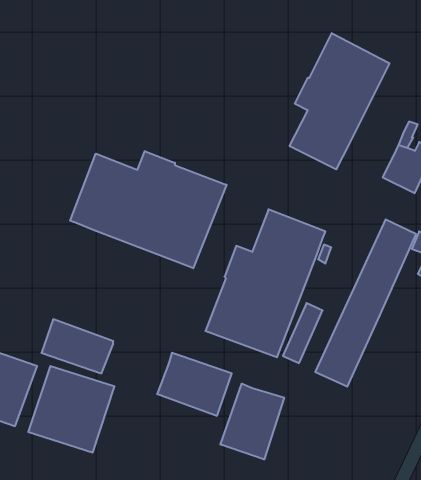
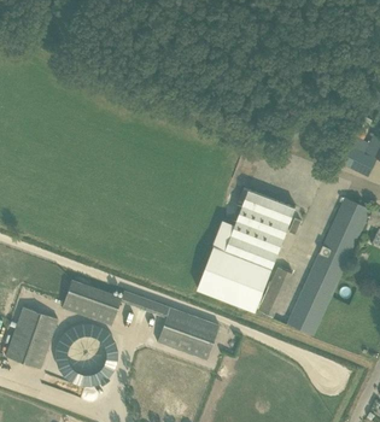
building: [290,33,389,169] -> none
building: [70,151,227,268] -> none
building: [220,384,284,460] -> none

